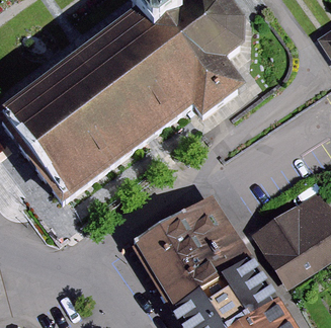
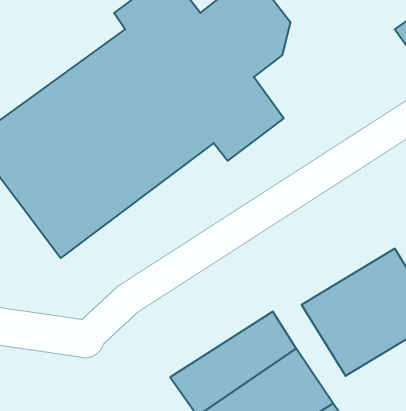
building: [127,193,231,286] -> none

